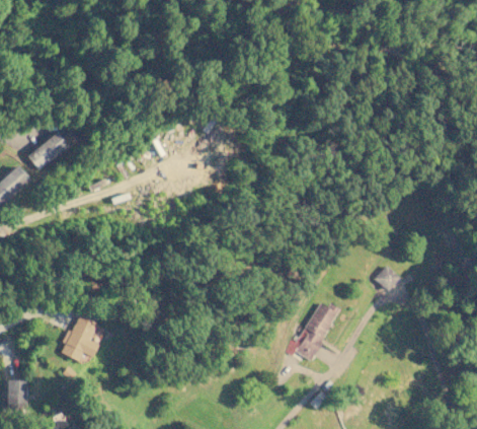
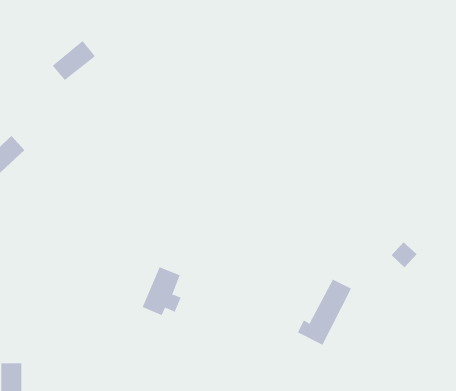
building: [26,132,68,170] -> [52,40,96,81]
building: [60,314,97,361] -> [142,266,182,316]

